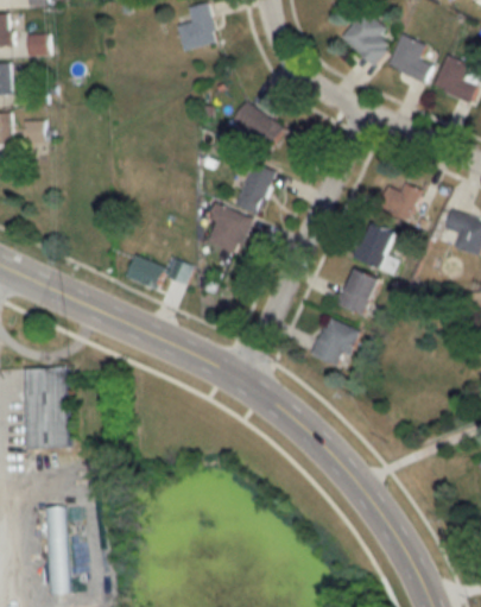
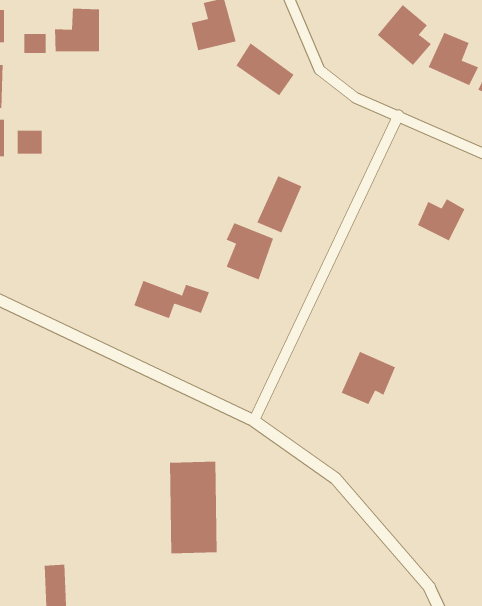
building: none -> [54,8,100,52]
building: [233,101,285,148] -> [235,43,294,96]
building: [355,222,397,273] -> none
building: [336,266,380,316] -> none
building: [26,367,69,449] -> [169,461,217,554]

